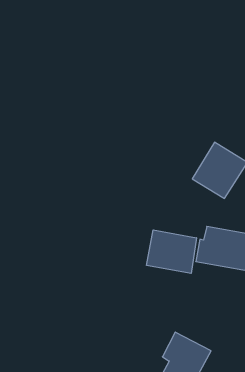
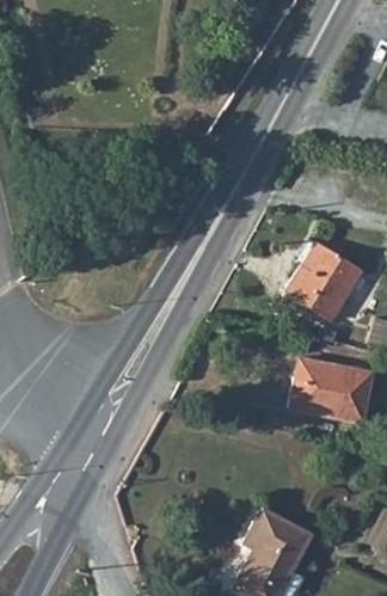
building: [147,230,196,273] -> none

